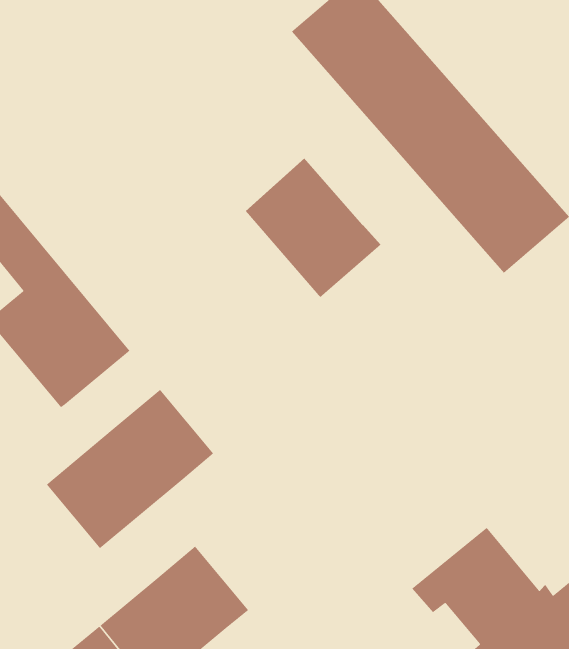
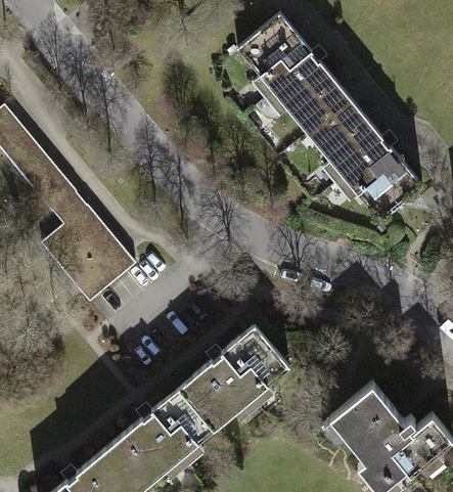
building: [245,157,382,298] -> none
building: [46,389,214,549] -> [175,330,286,437]

